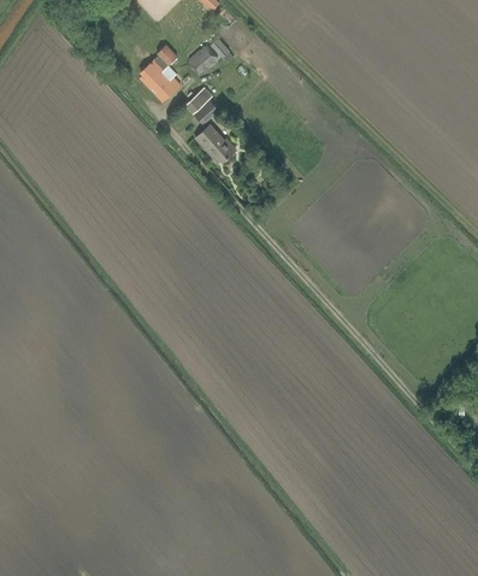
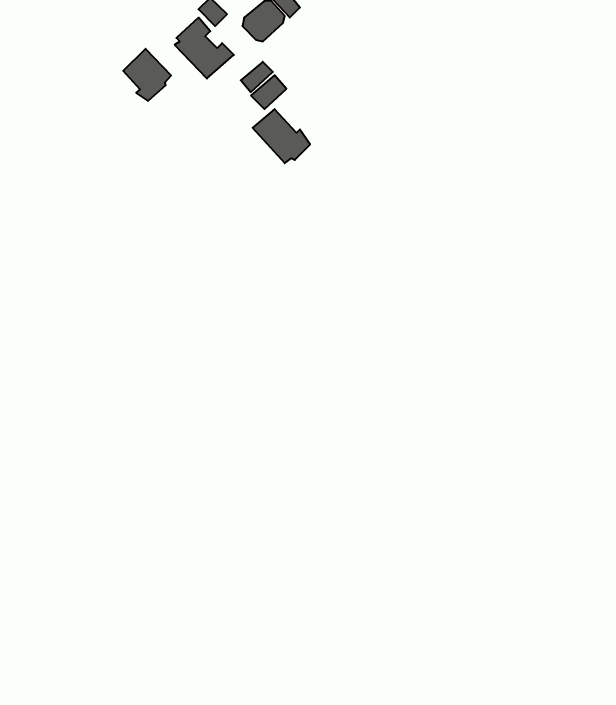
building: none -> [123,49,171,101]

